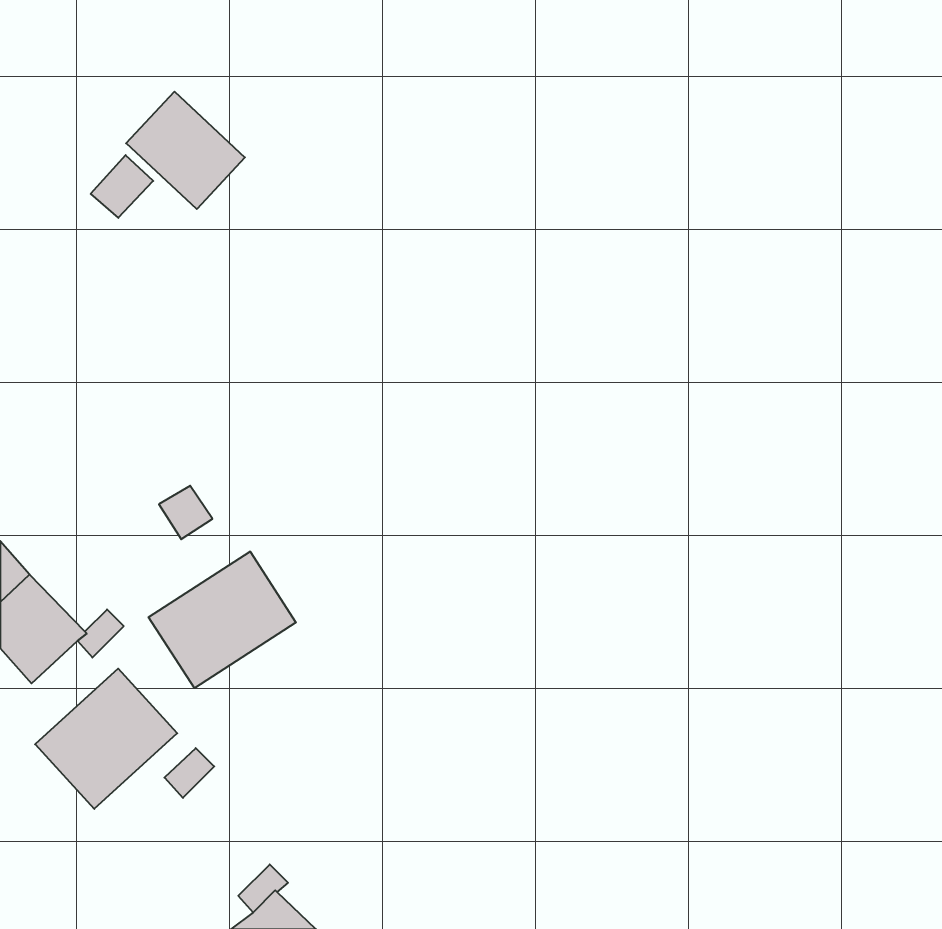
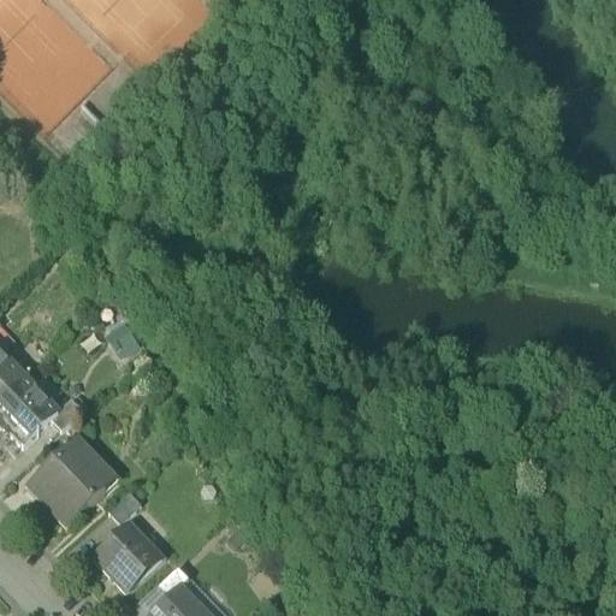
building: [126,92,245,209] -> none
building: [149,551,296,688] -> none
building: none -> [91,514,168,592]

